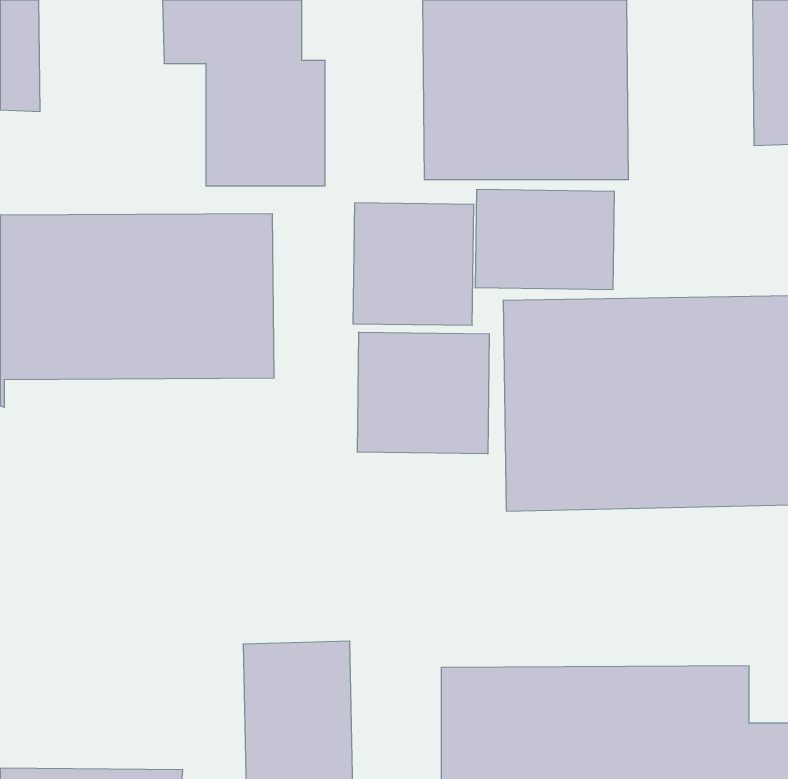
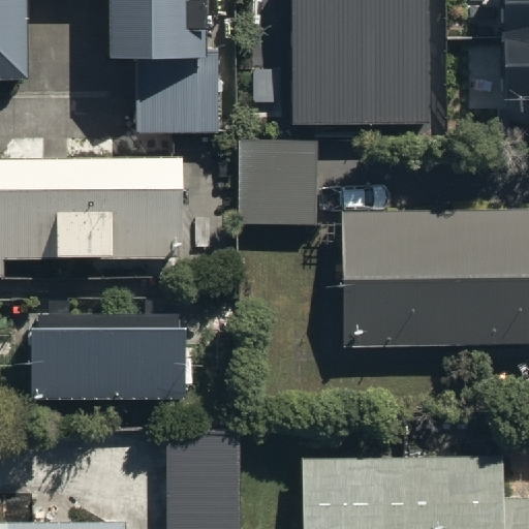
building: [476,189,614,290] -> none
building: [357,332,489,454] -> none
building: none -> [32,314,185,397]

